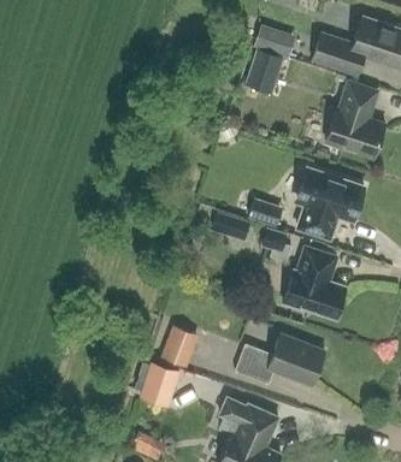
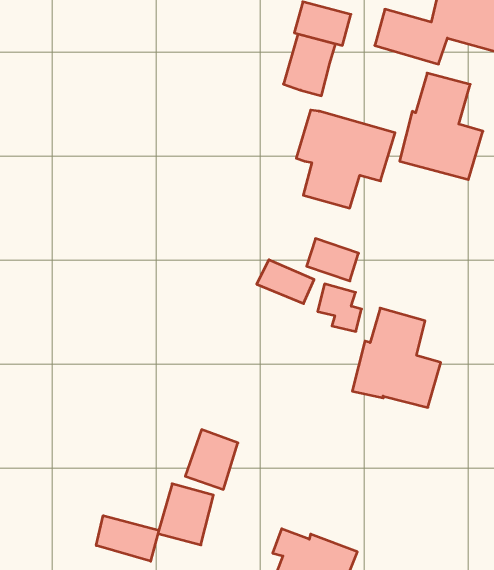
building: [293,168,364,239] -> [296,110,395,208]
building: [234,334,324,385] -> none
building: none -> [96,516,159,561]

